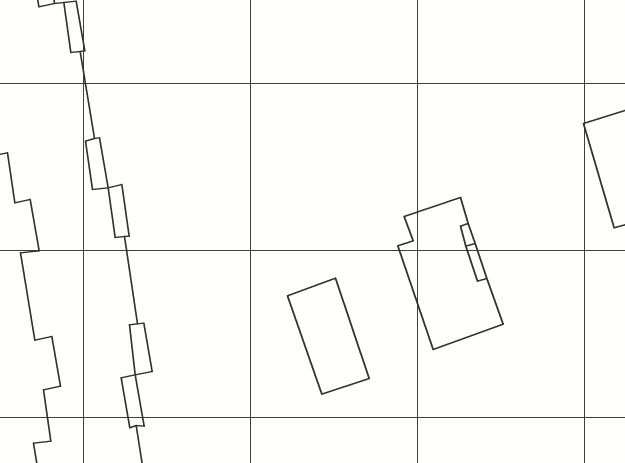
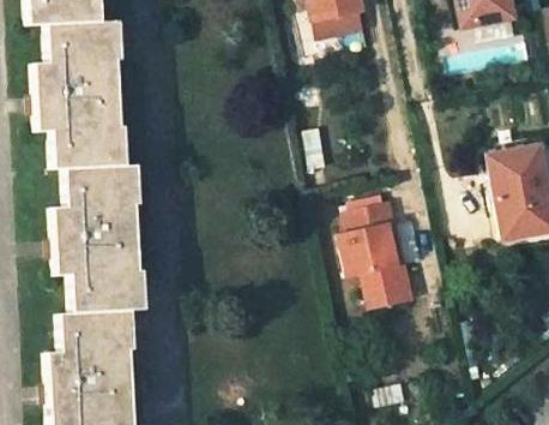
building: [288,278,369,394] -> none

